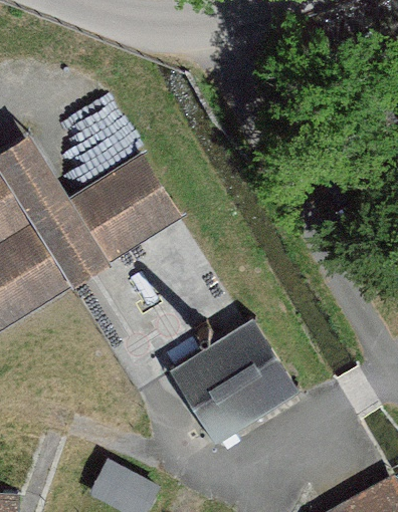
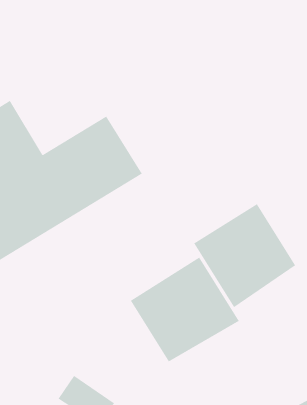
building: none -> [193,203,296,308]

